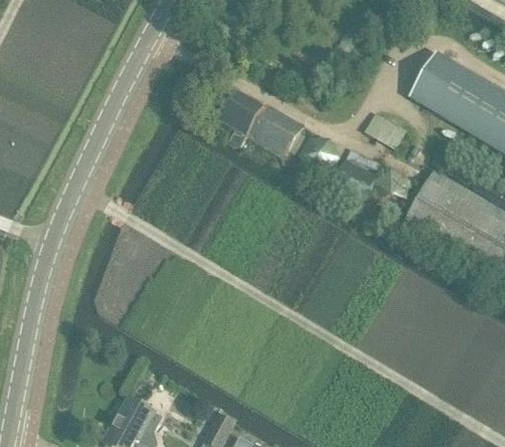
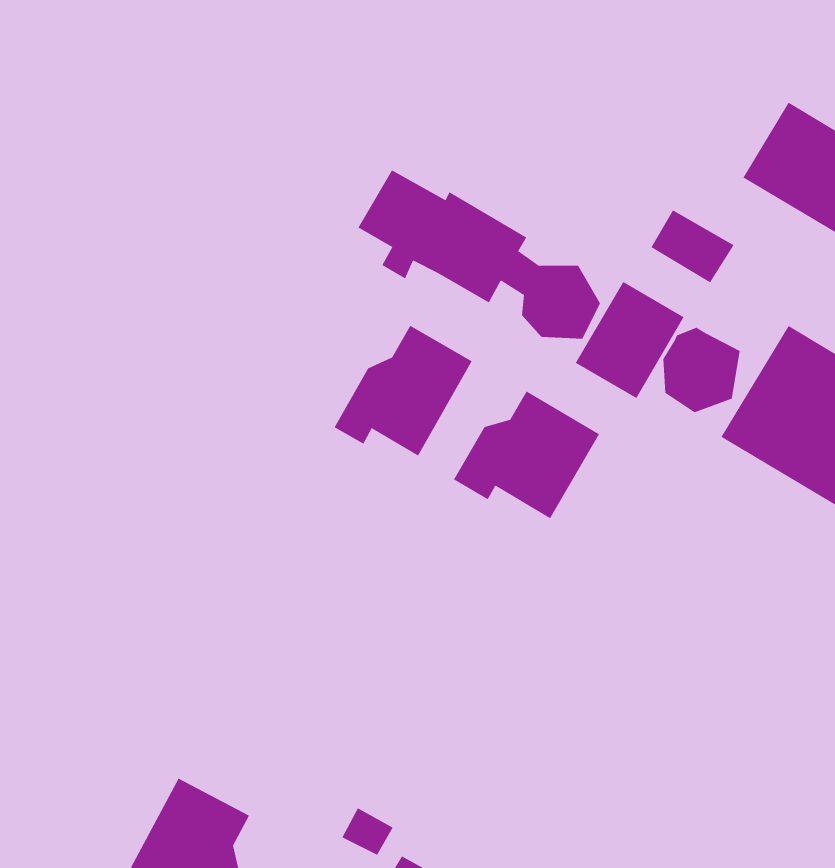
building: none -> [334,325,473,456]
building: none -> [453,391,600,519]

